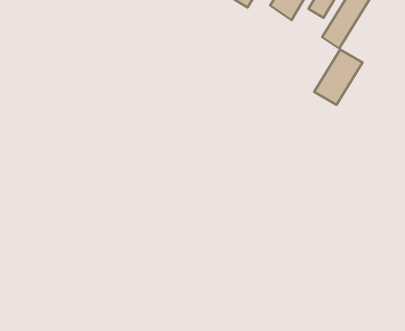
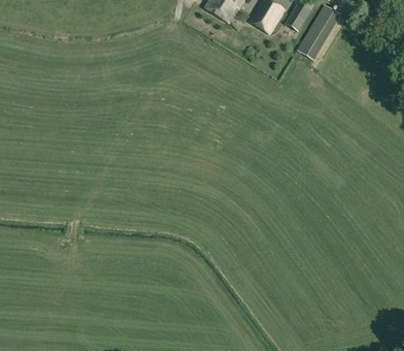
building: [314,50,362,105] -> none

